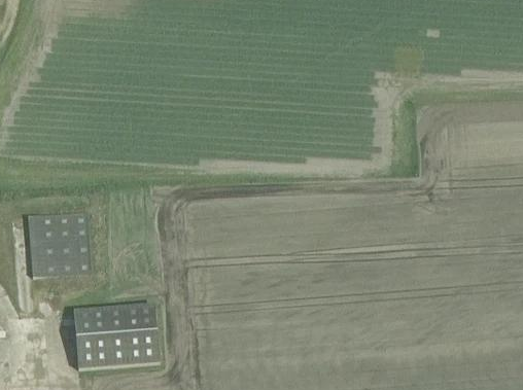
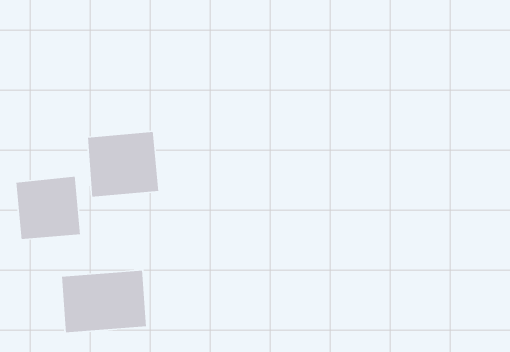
building: none -> [87,131,159,198]

